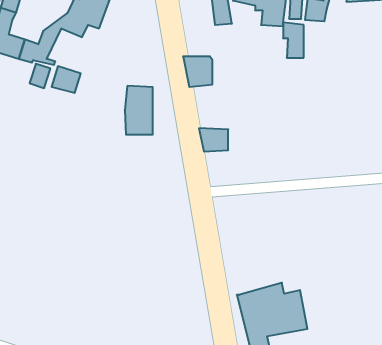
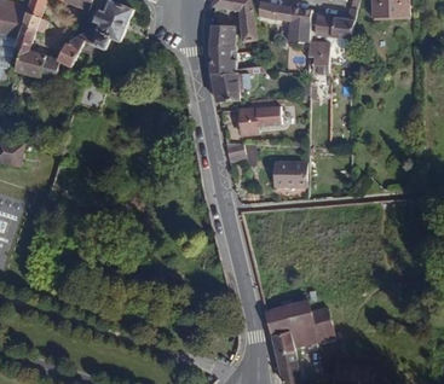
building: [125,86,153,135] -> [208,24,236,72]
building: none -> [237,106,281,136]
building: none -> [271,162,307,188]

